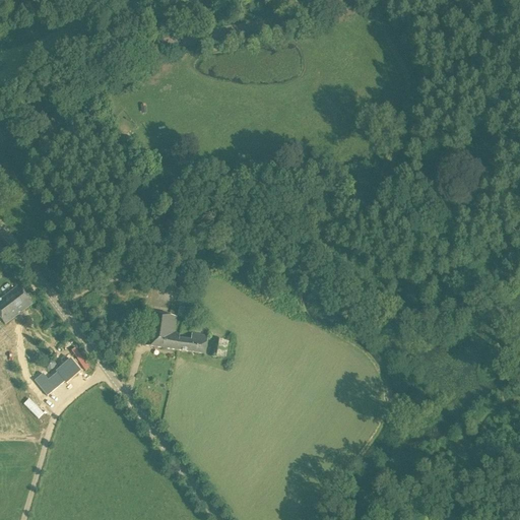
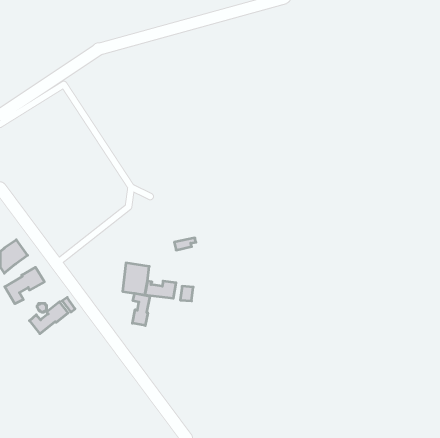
building: none -> [5,267,44,304]
building: none -> [132,293,150,326]

